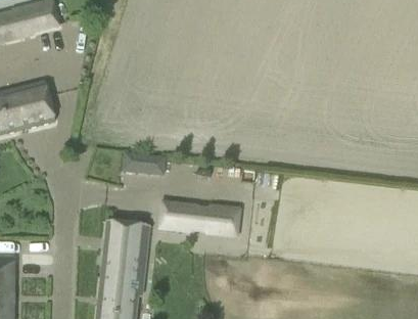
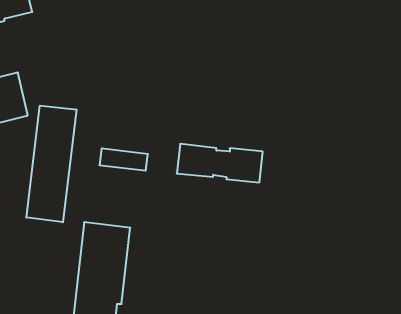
building: none -> [26,106,76,222]
building: [160,200,240,236] -> [177,144,263,182]

